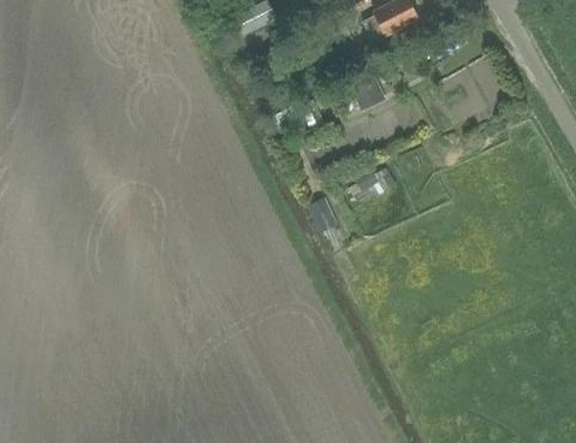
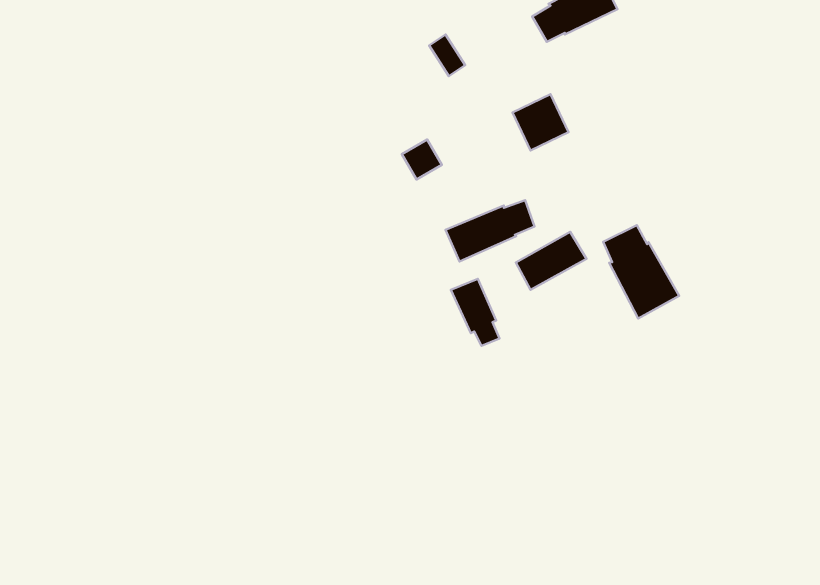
building: none -> [446,200,535,262]
building: none -> [603,225,679,318]

